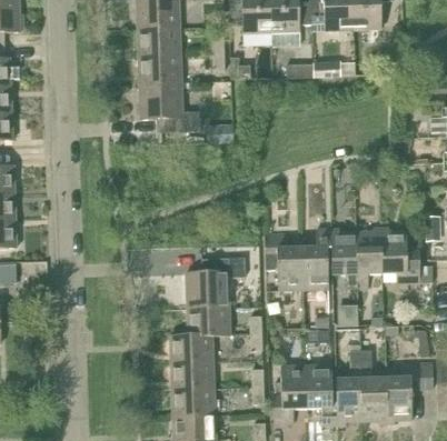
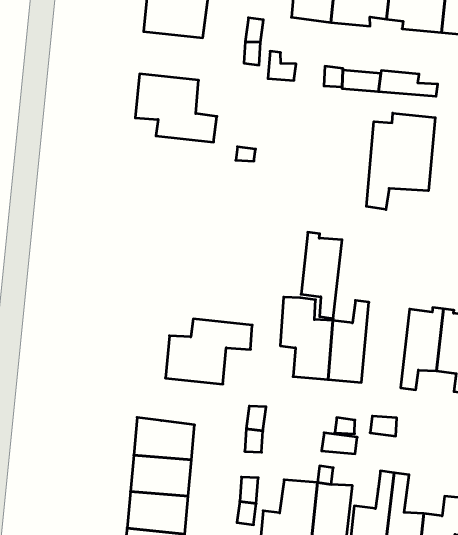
building: [137,54,181,87] -> none
building: none -> [366,113,435,210]
building: [330,229,357,289] -> [301,232,342,318]
building: [186,303,229,335] -> none

